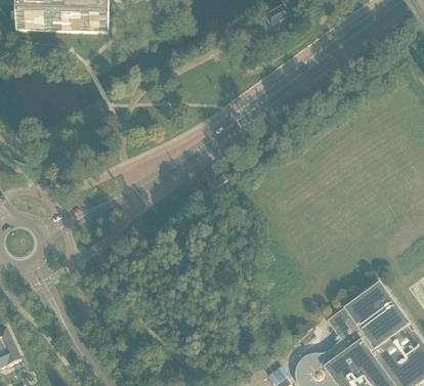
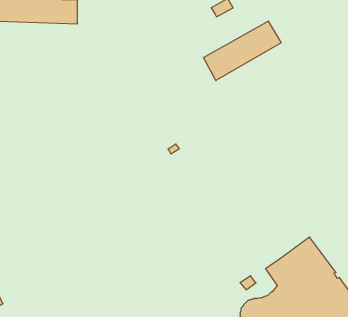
building: none -> [203,21,281,81]

